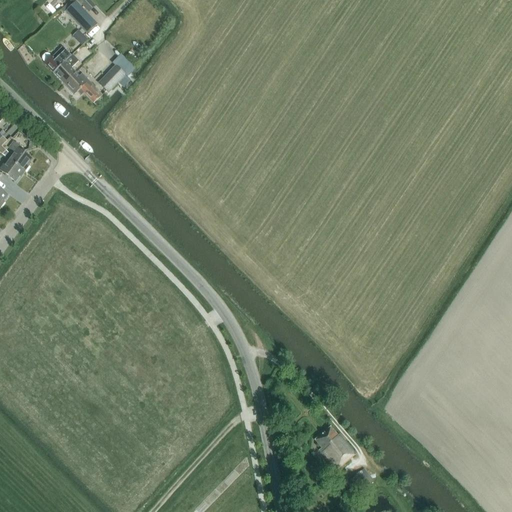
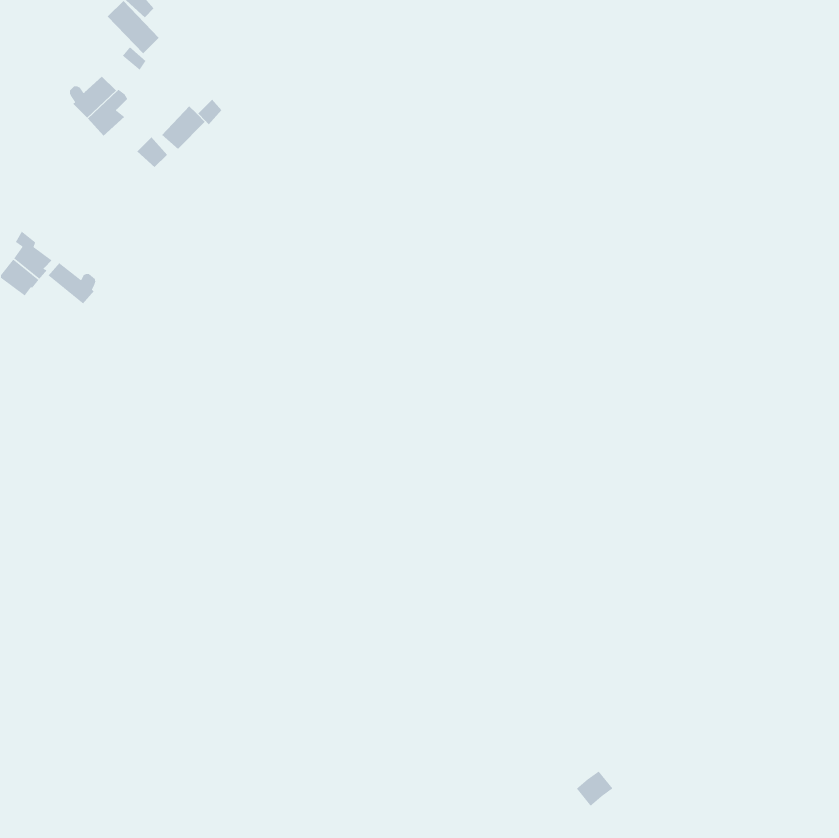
building: [64,71,93,94] -> none
building: none -> [48,262,96,304]
building: [316,426,357,469] -> none

